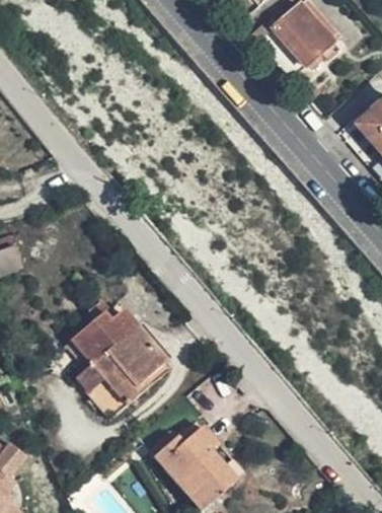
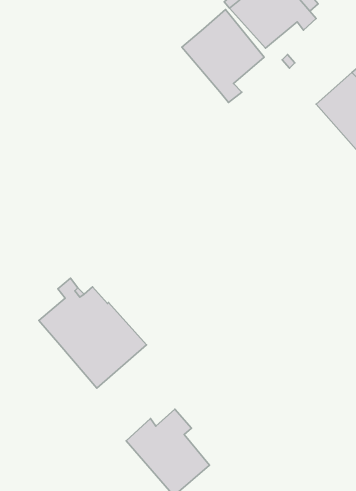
building: none -> [182,9,264,102]
building: [77,363,128,418] -> none

